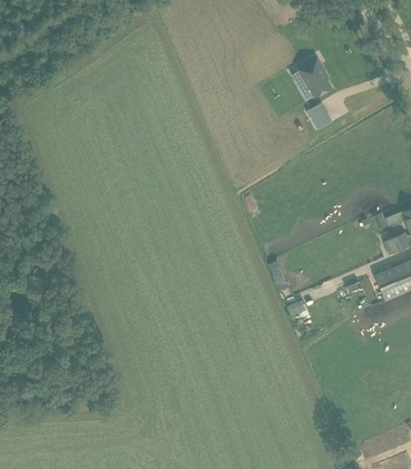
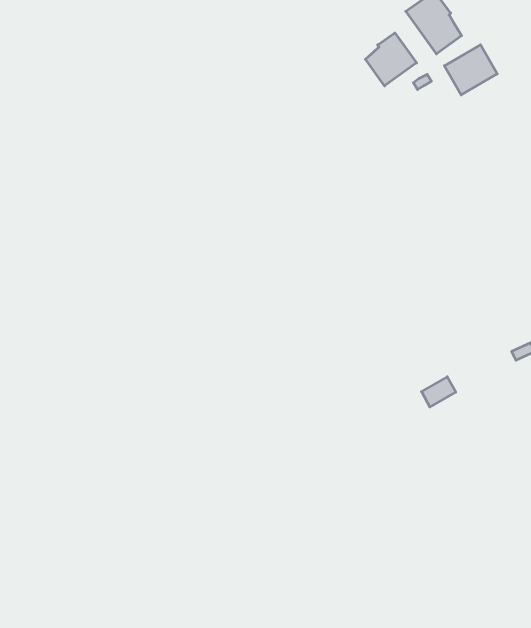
building: none -> [365,33,417,86]

